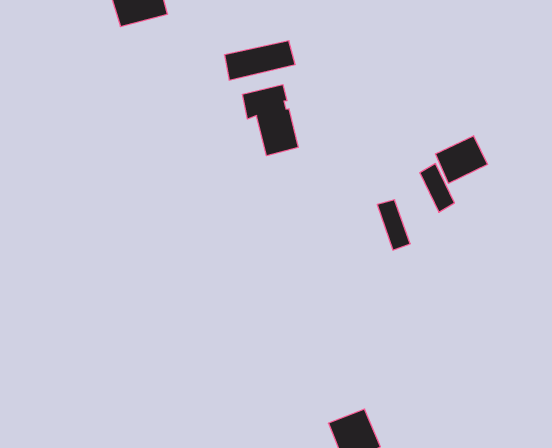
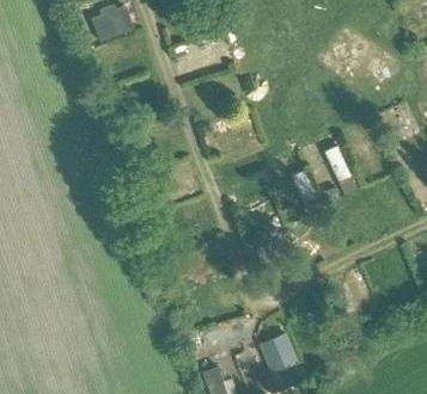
building: [243,85,298,156] -> none
building: [436,136,487,183] -> none

